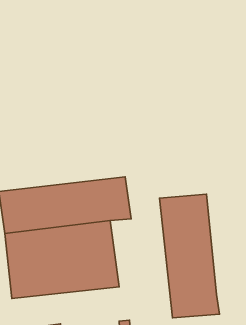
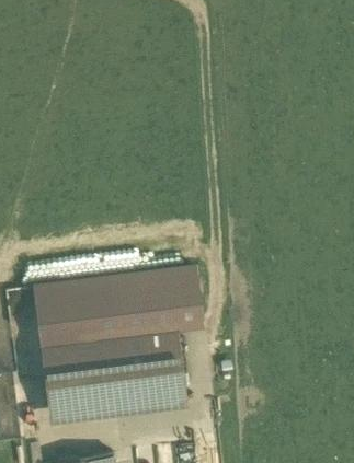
building: [160,194,220,318] -> none

